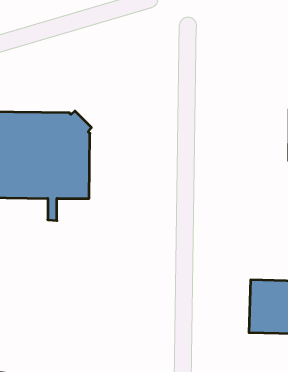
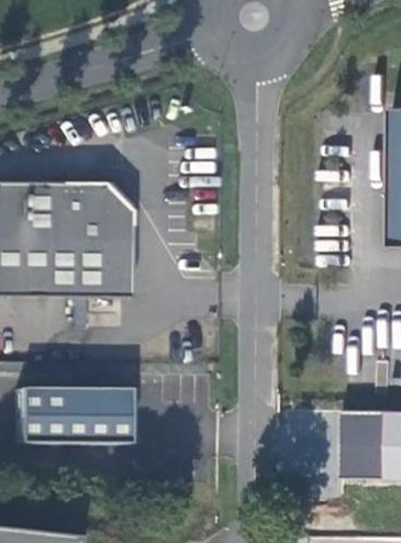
building: none -> [18,389,129,445]

